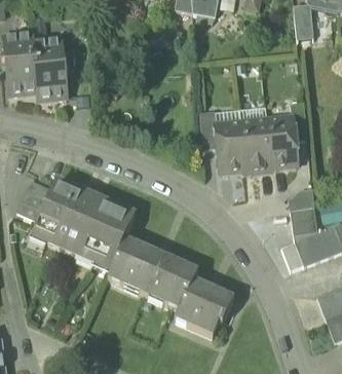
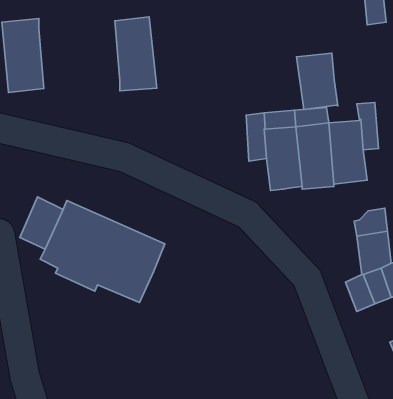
building: [34,40,68,100] -> [115,17,157,91]
building: none -> [297,53,338,109]
building: [109,239,234,334] -> none

